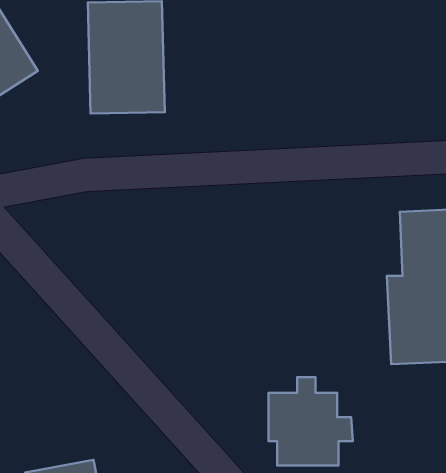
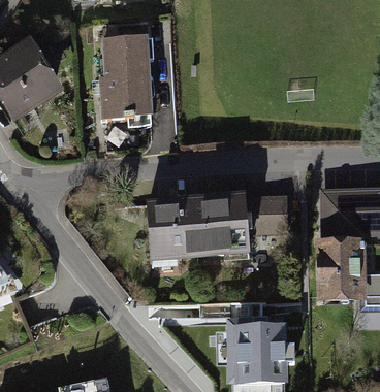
building: none -> [152,200,290,273]

